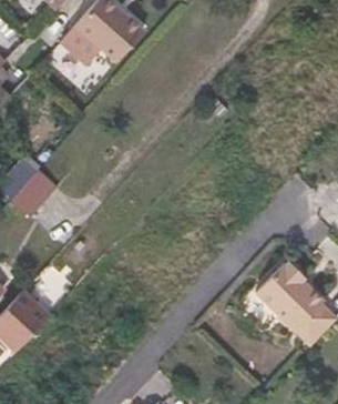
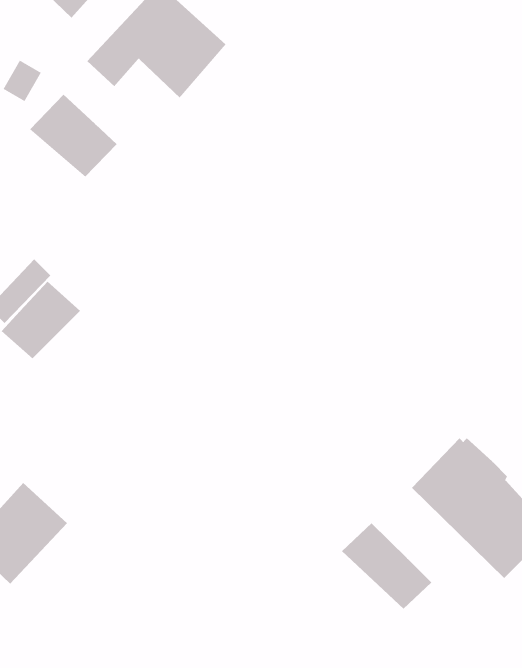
building: none -> [29,94,118,177]
building: none -> [341,523,432,609]

